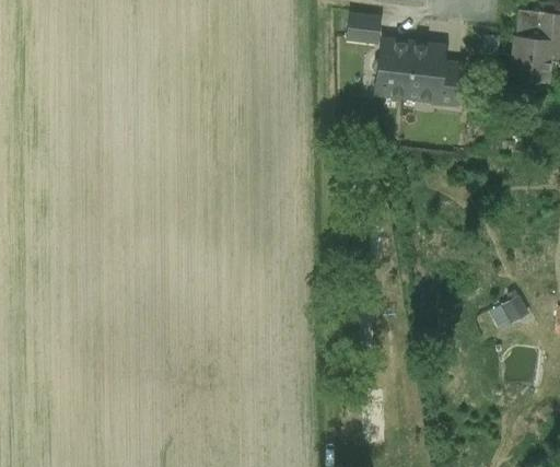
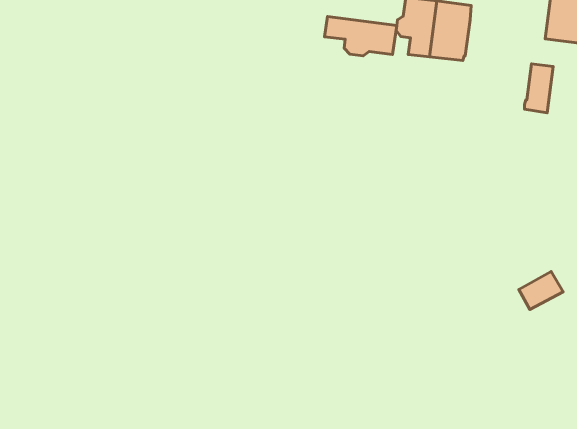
building: none -> [325,17,397,56]
building: [435,61,462,106] -> [524,64,553,113]

